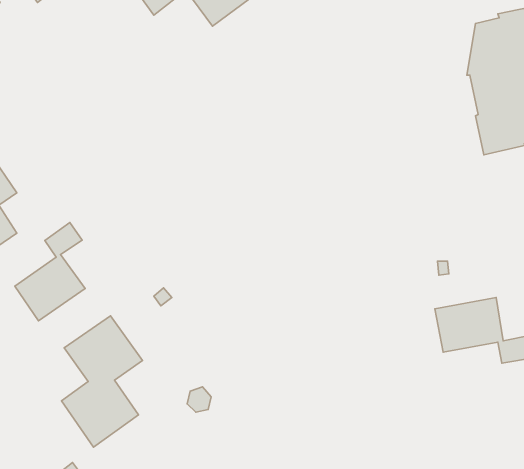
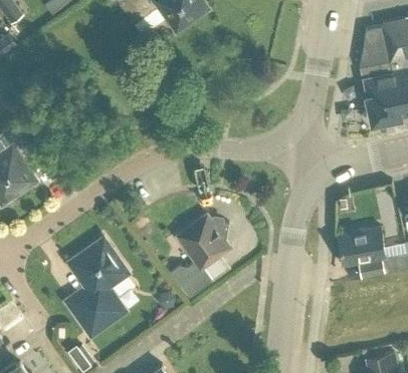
building: [15,222,85,321] -> none
building: none -> [171,215,231,298]

